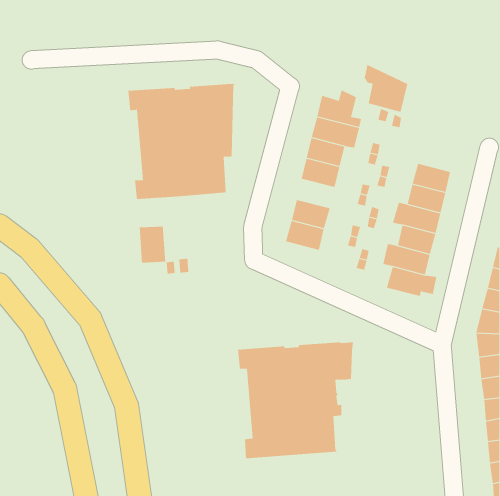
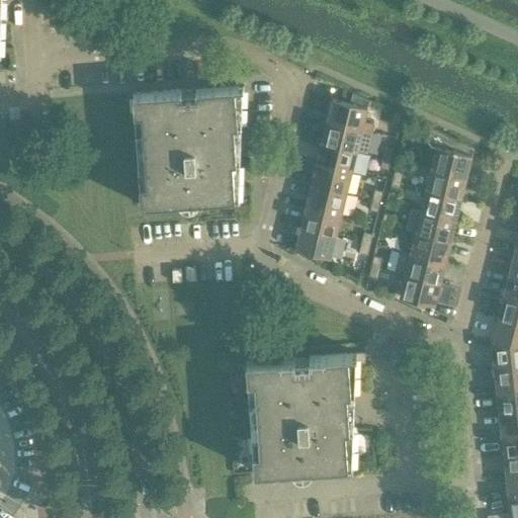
building: [364,64,408,112] -> [427,134,472,183]
building: none -> [306,190,346,221]
building: [139,226,166,263] -> none

